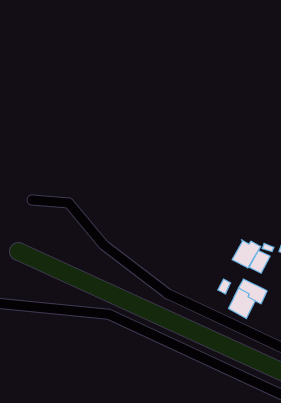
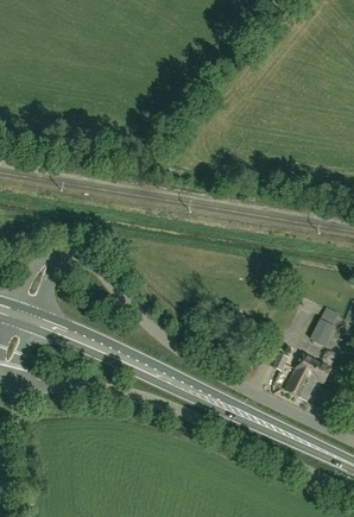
building: [232,240,261,268] -> none

